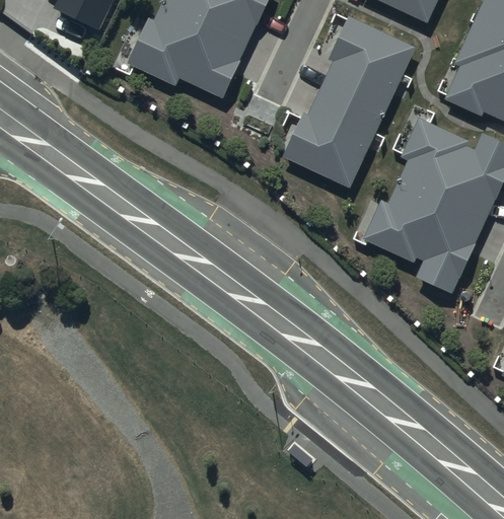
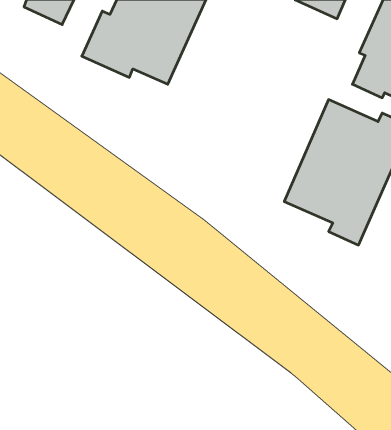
building: [284,16,415,187] -> none

